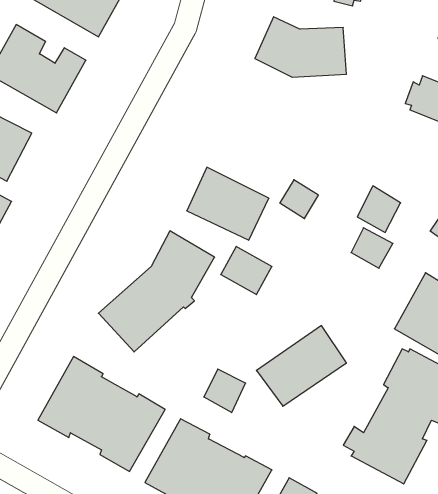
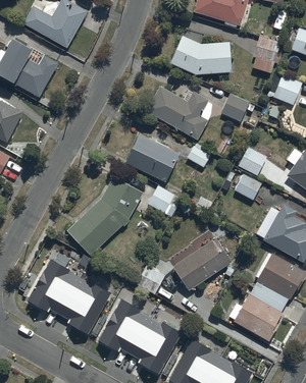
building: none -> [253,36,279,73]
building: none -> [145,85,211,140]
building: none -> [220,94,254,120]

